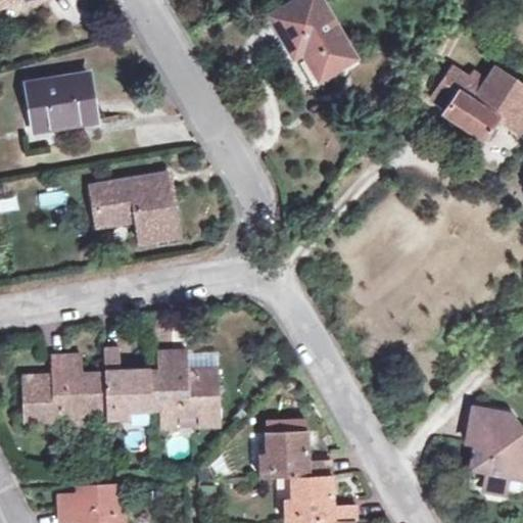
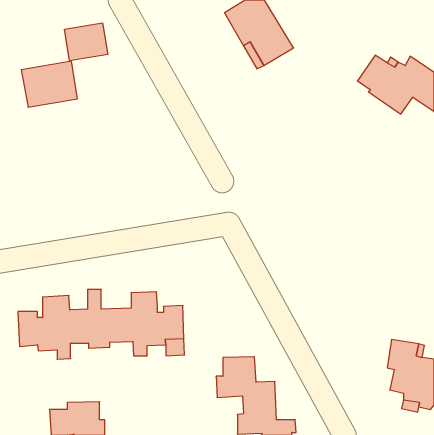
building: none -> [65,23,108,61]
building: [91,174,177,242] -> none

